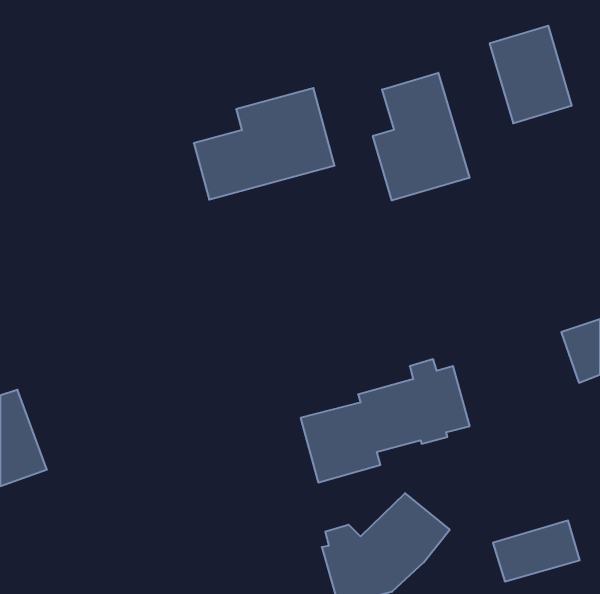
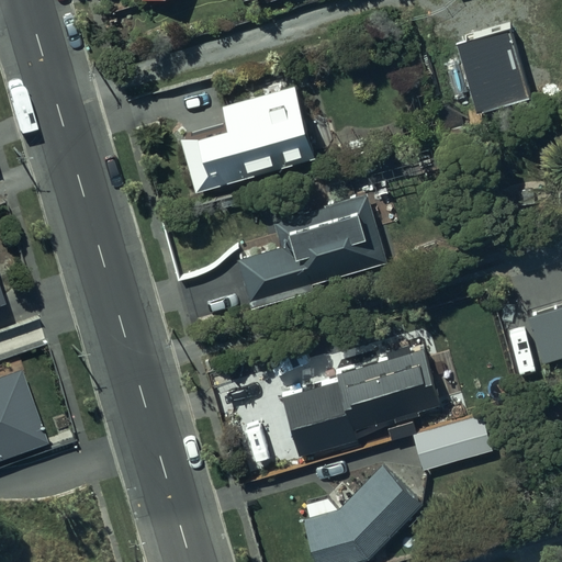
building: [373,73,469,201] -> none
building: none -> [237,198,383,310]
building: [493,520,580,581] -> [411,414,492,471]

